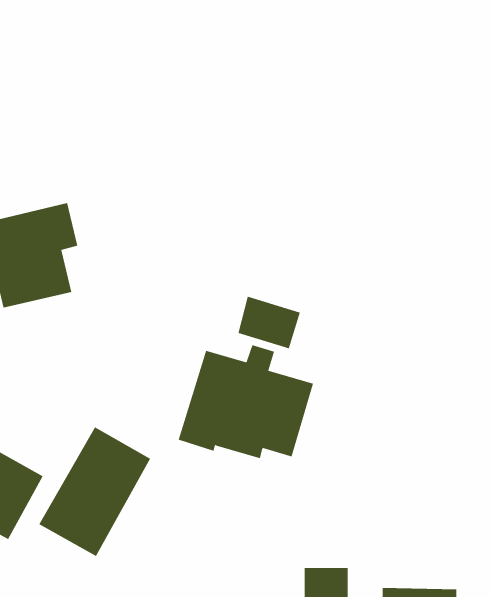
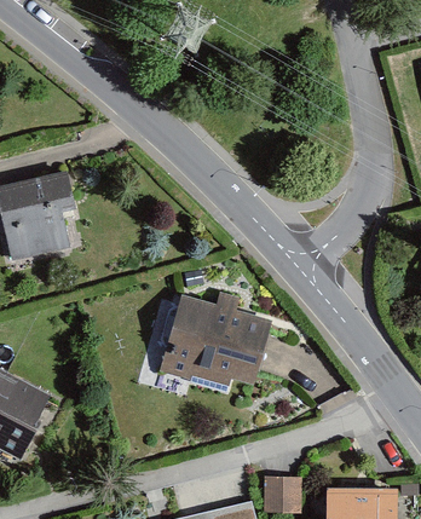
building: [238,296,301,349] -> none
building: [38,427,151,557] -> none

